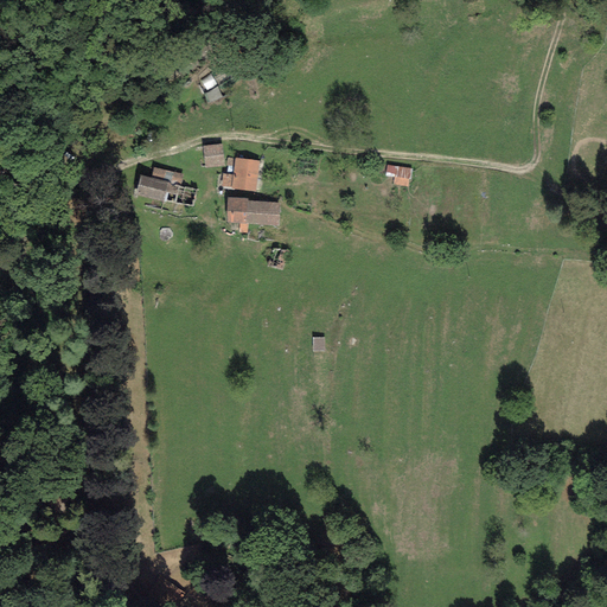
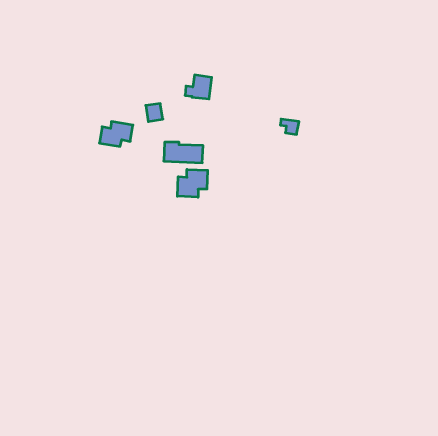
building: [222,156,258,190] -> [185,75,212,99]
building: none -> [177,169,208,197]

